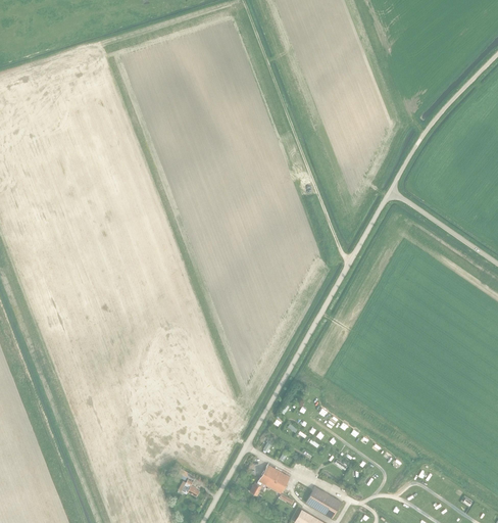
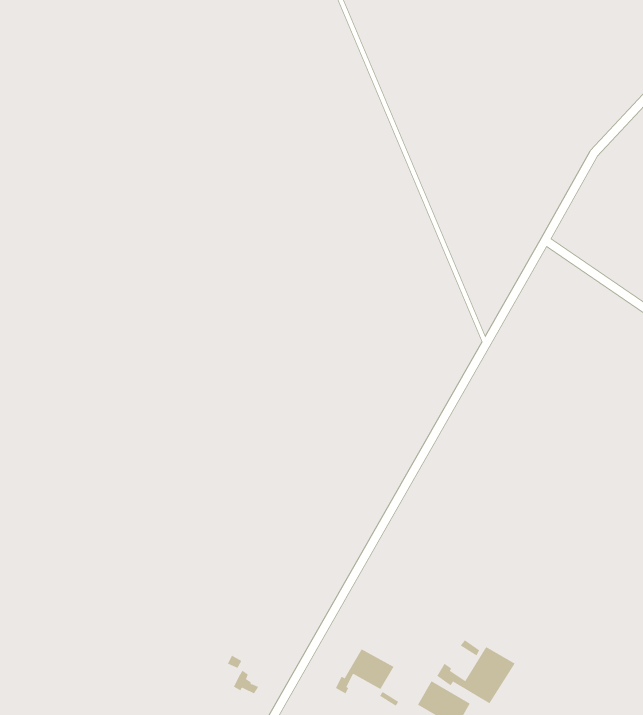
building: none -> [436,646,515,704]

